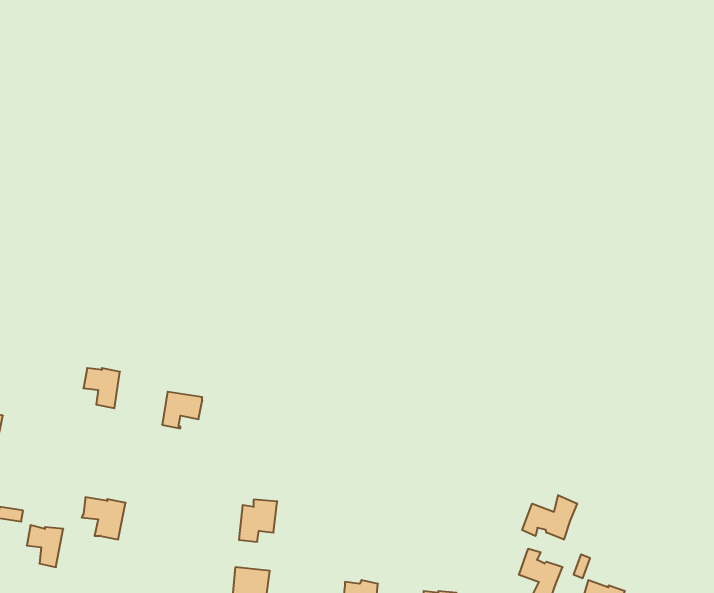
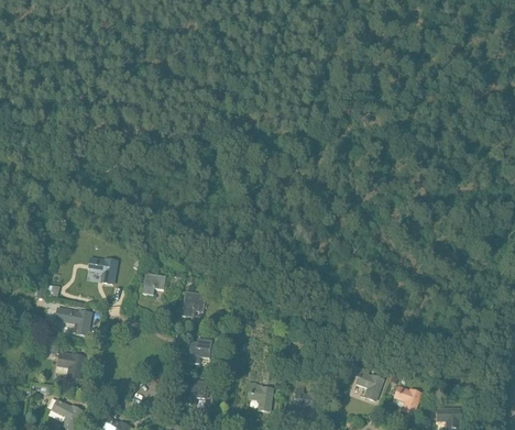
building: none -> [182,291,206,317]
building: [522,495,577,540] -> none
building: [82,497,126,539] -> [65,310,91,335]

